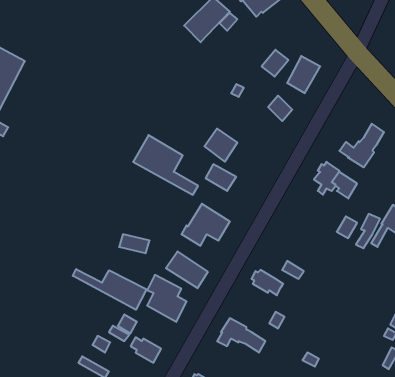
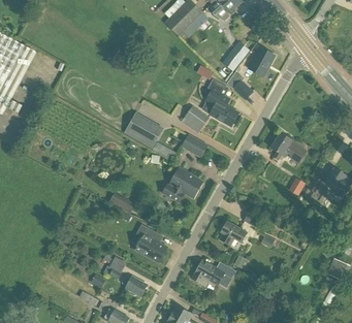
building: none -> [204,88,238,125]
building: [339,124,384,167] -> none
building: [166,251,208,288] -> none
building: [73,269,147,310] -> none

